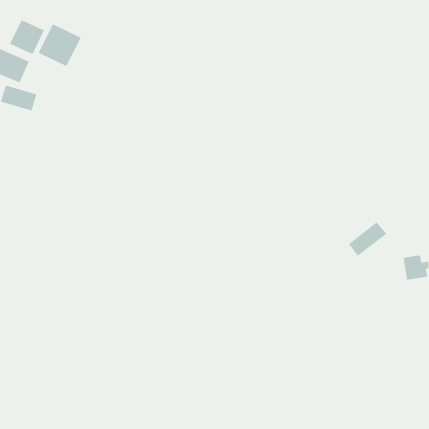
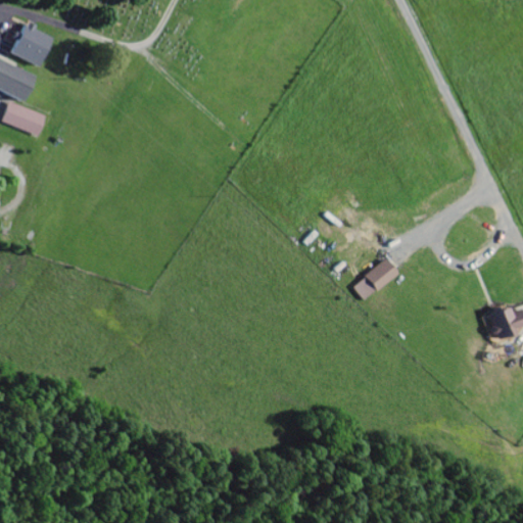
building: [38,24,81,67] -> none
building: [348,221,387,257] -> [351,258,398,301]

